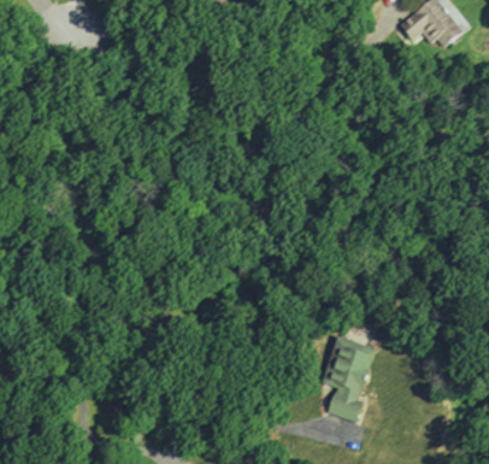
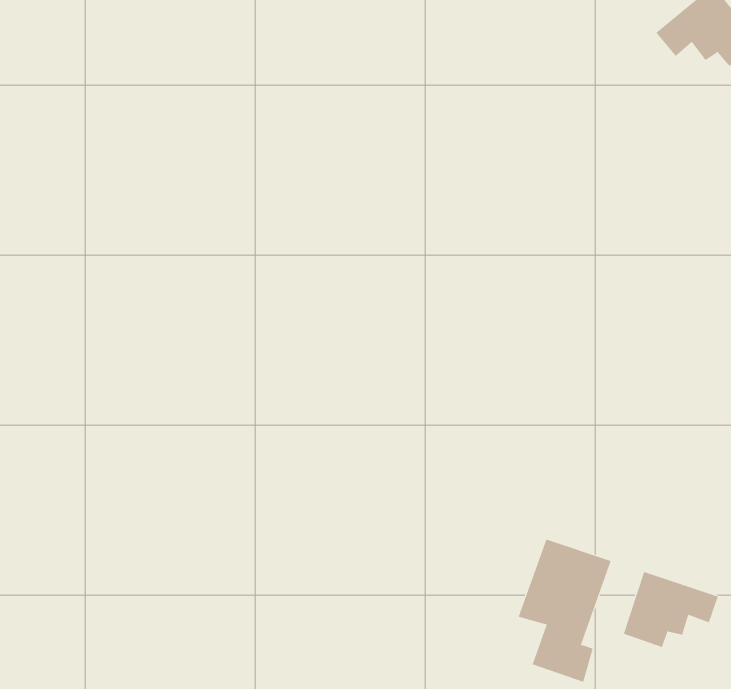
building: none -> [623,571,718,648]

